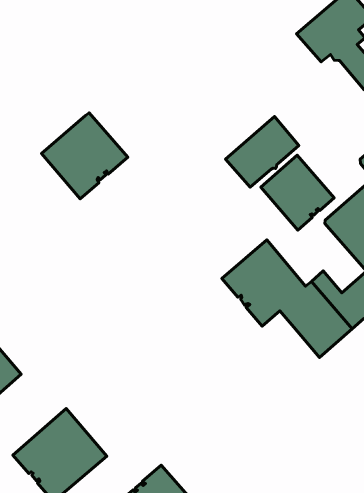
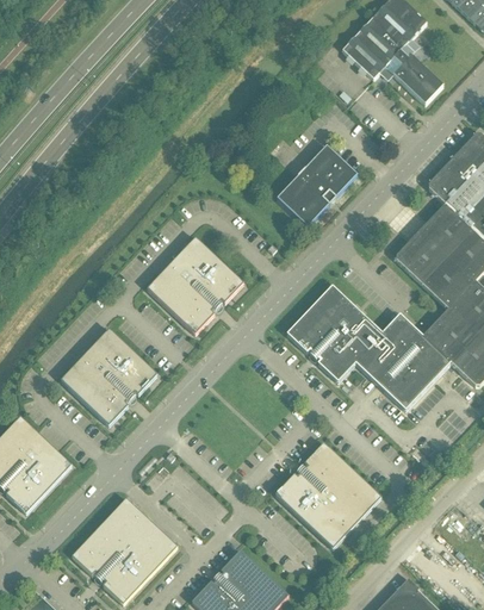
building: [41,113,128,199] -> [147,236,244,334]
building: [261,155,334,230] -> none
building: none -> [61,328,157,425]
building: none -> [275,441,381,547]

